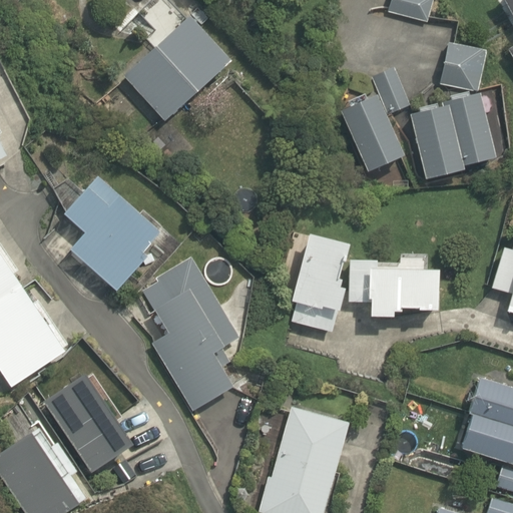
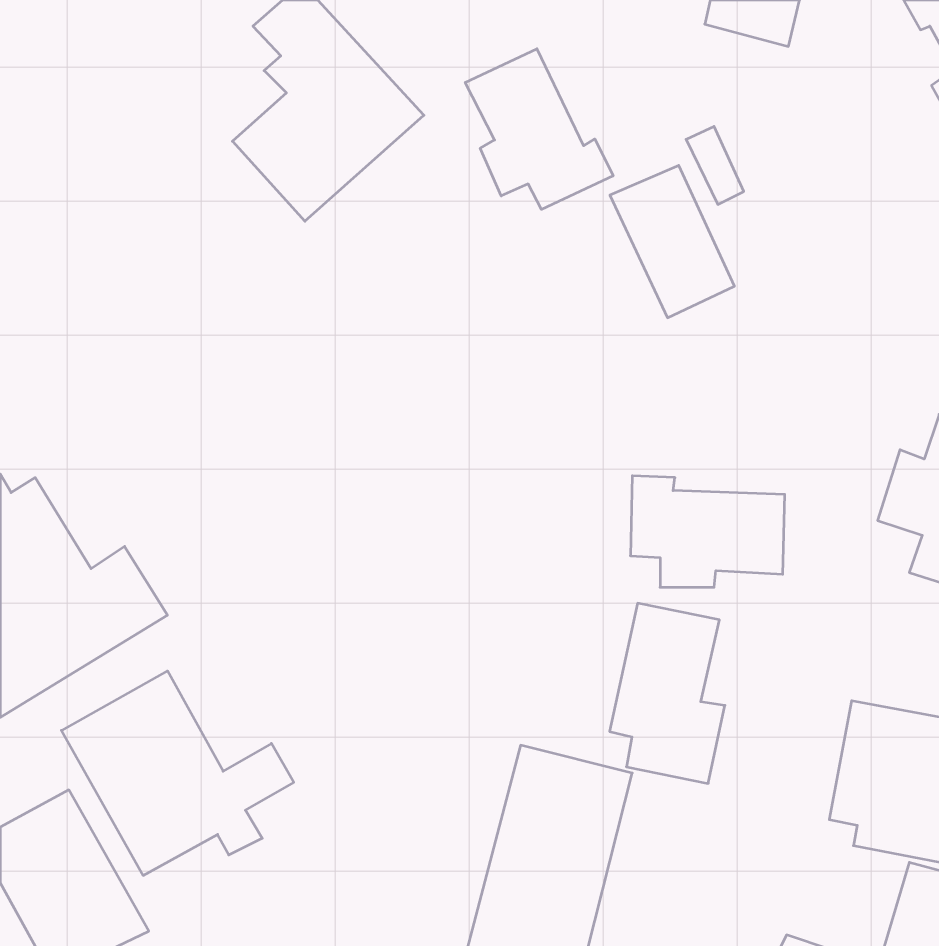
building: none -> [465,49,613,209]
building: [411,48,497,176] -> none
building: [68,187,165,291] -> none
building: [282,233,344,331] -> [610,603,725,783]
building: [155,263,242,411] -> none

